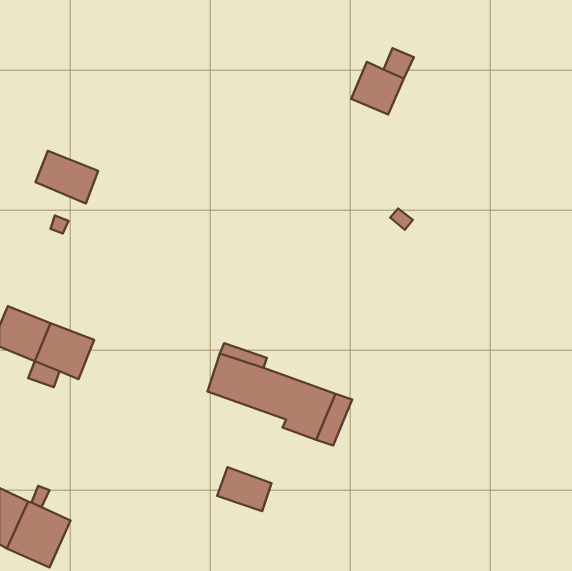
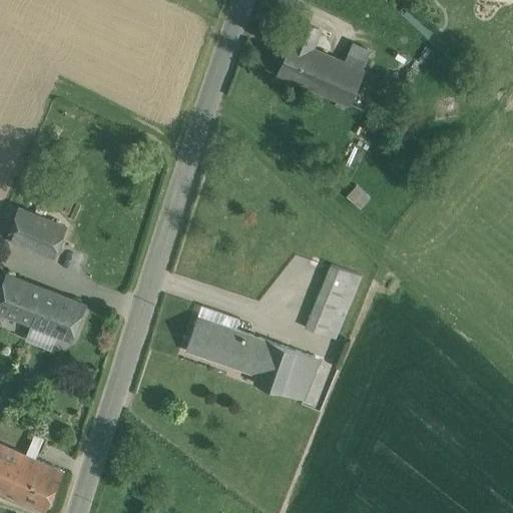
building: none -> [279,23,328,90]
building: [35,151,98,203] -> [8,209,64,256]
building: none -> [305,267,361,341]
building: [217,467,272,511] -> none

